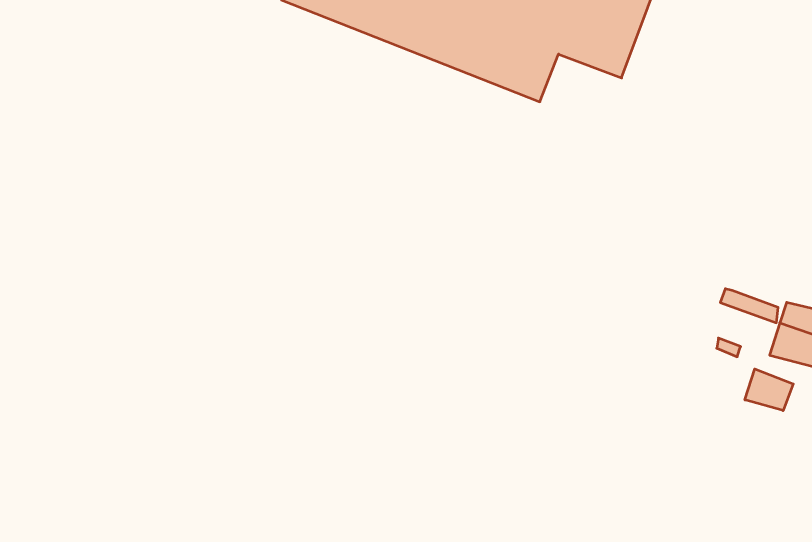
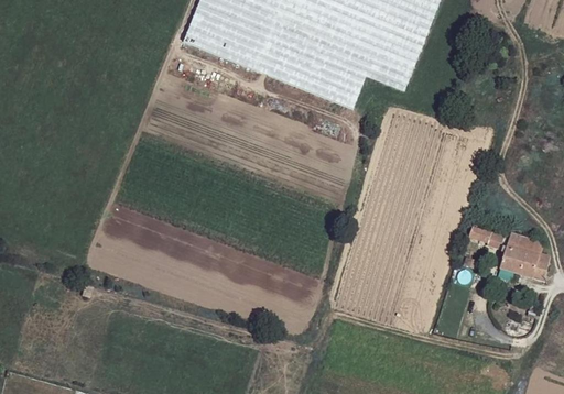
building: [745,369,793,411] -> none

